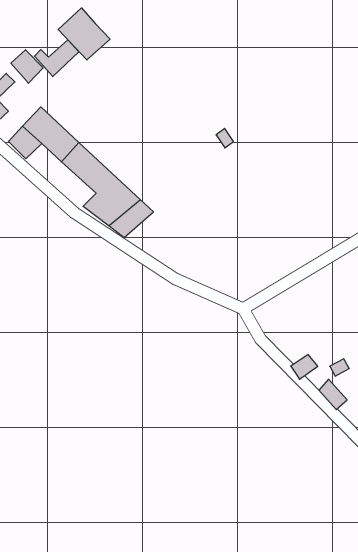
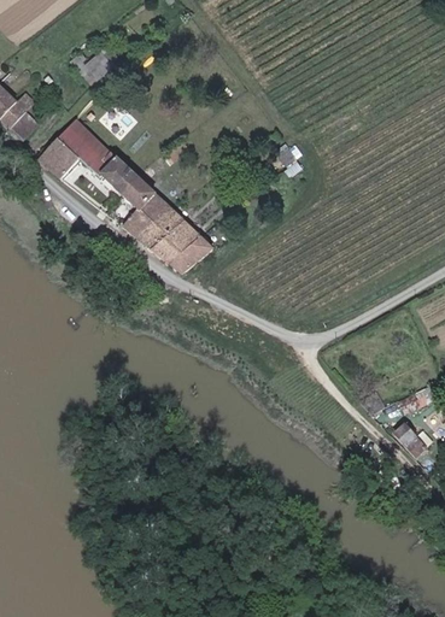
building: [58,8,110,60] -> none
building: [11,50,43,83] -> none
building: none -> [170,236,215,275]

